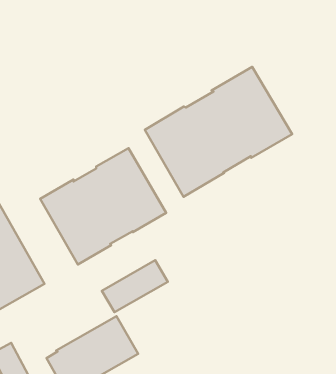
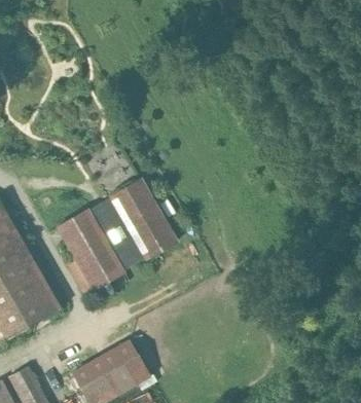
building: [145,67,292,197] -> none
building: [102,260,168,312] -> none

